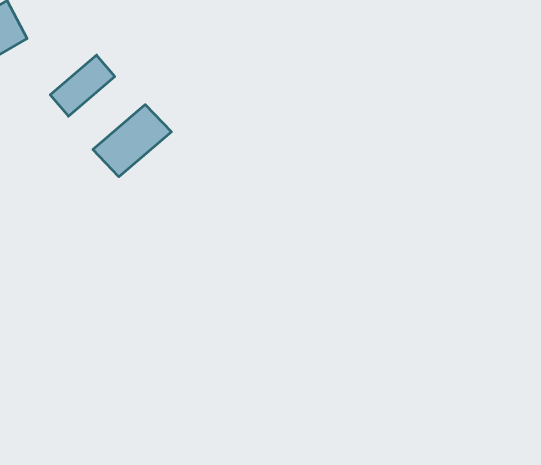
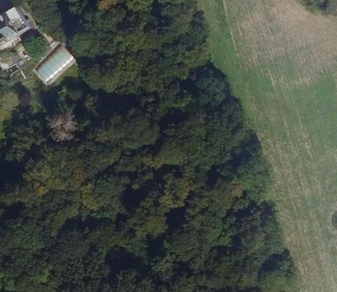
building: [93,105,171,177] -> none

